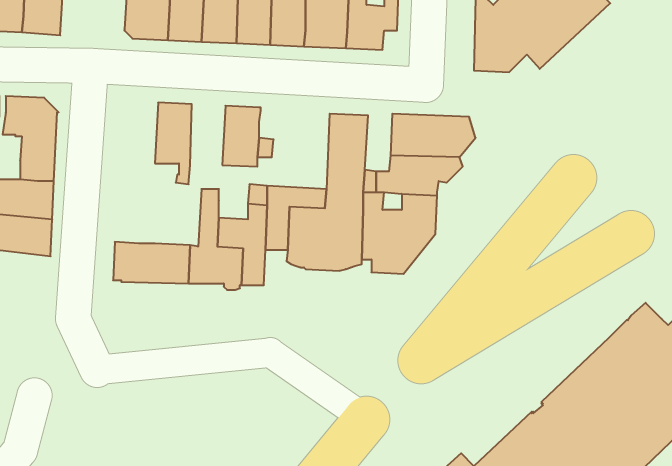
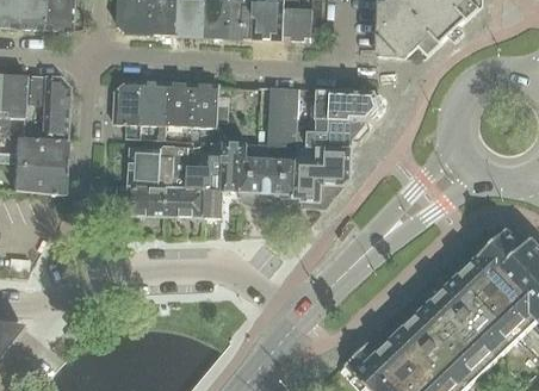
building: none -> [112,79,142,137]
building: none -> [166,81,192,126]
building: none -> [128,144,174,187]

